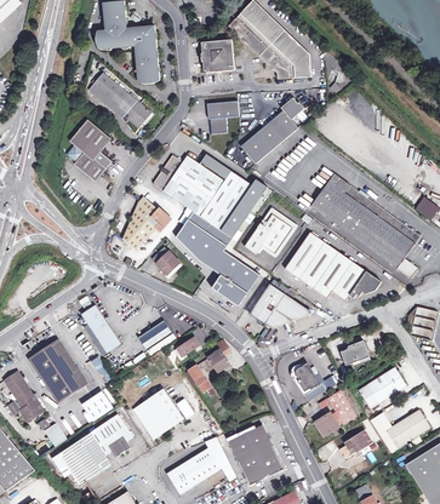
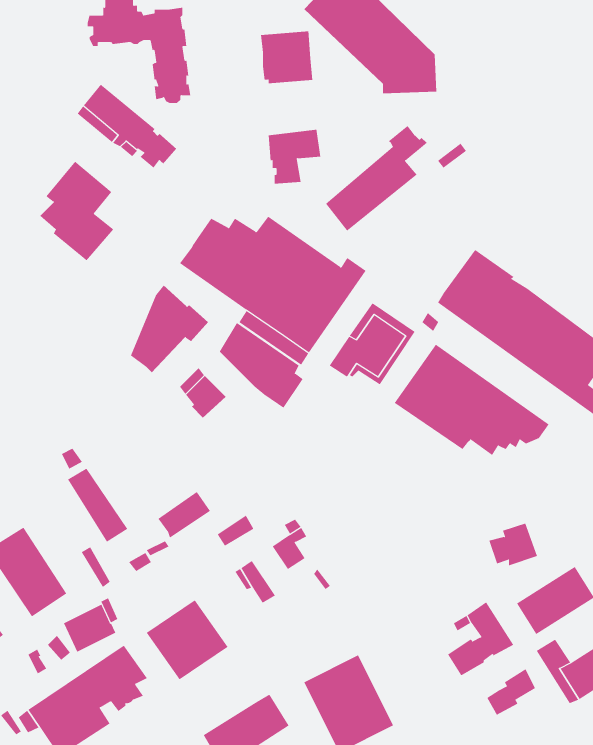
building: [211,253,258,305] -> none
building: [248,282,312,327] -> none
building: [293,362,322,395] -> none

